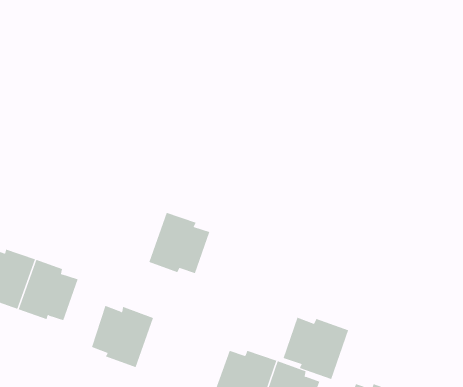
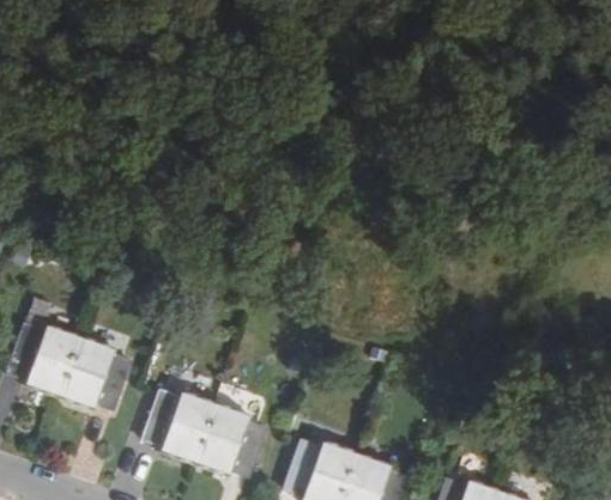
building: [148,212,210,274] -> [195,404,266,475]
building: [283,317,349,380] -> none

